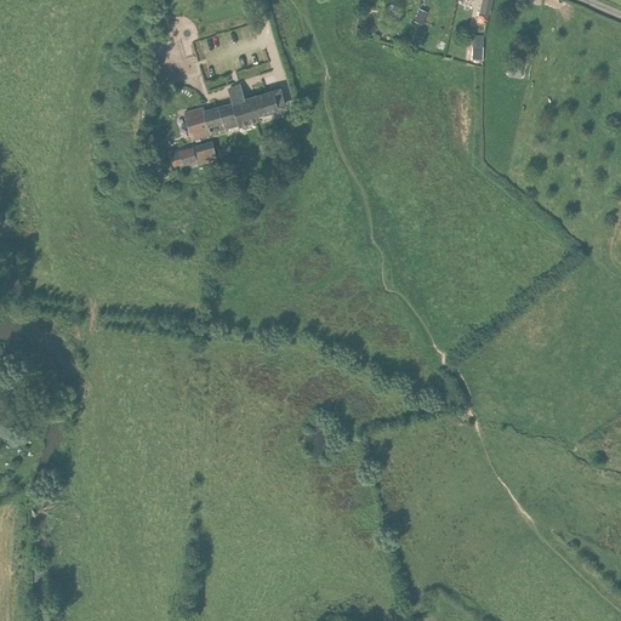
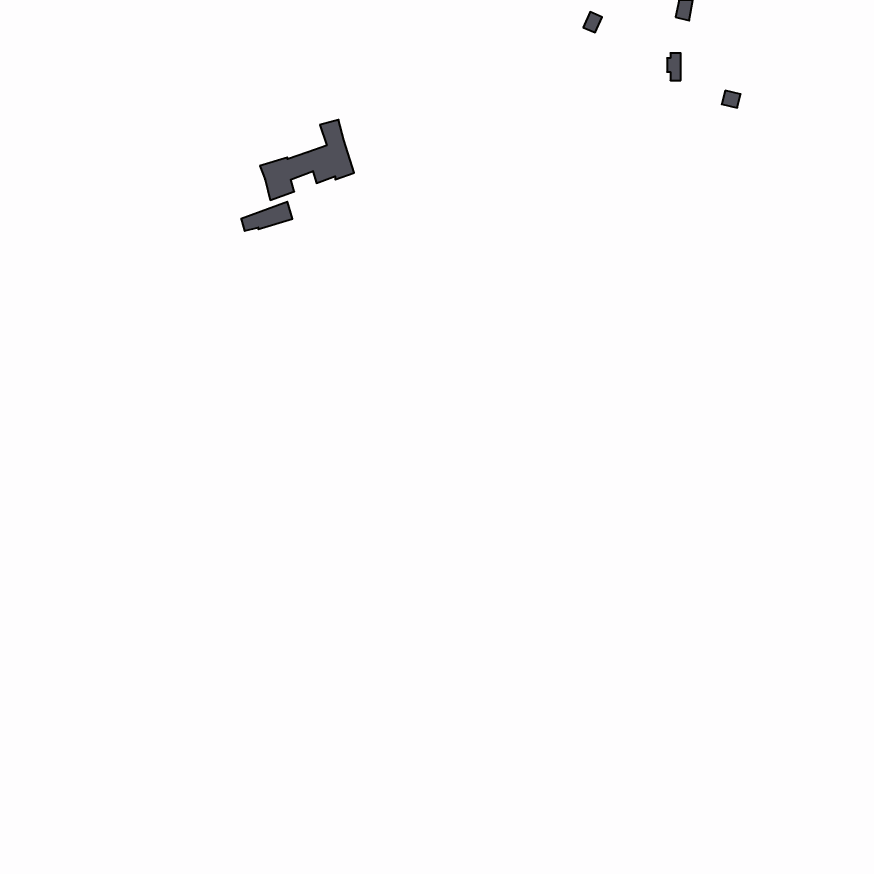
building: [244,87,283,123] -> none

